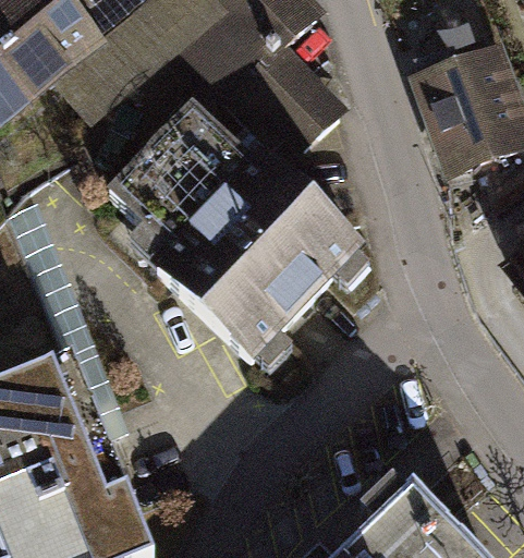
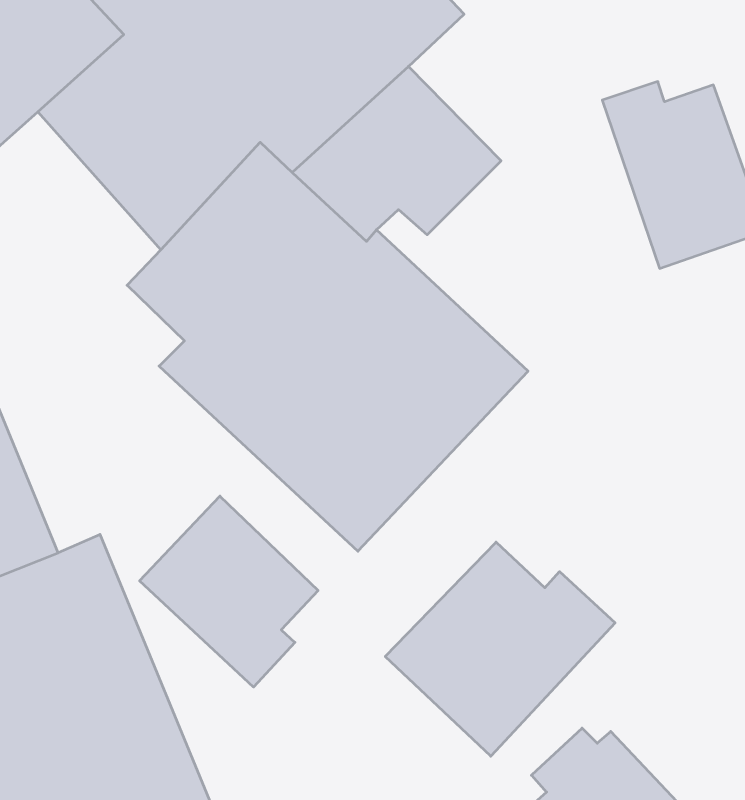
building: none -> [140,496,318,687]
building: none -> [385,542,615,756]

